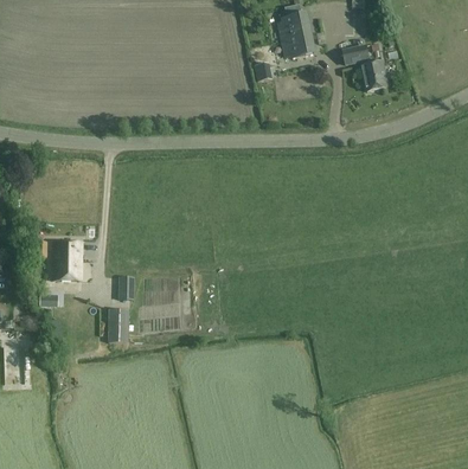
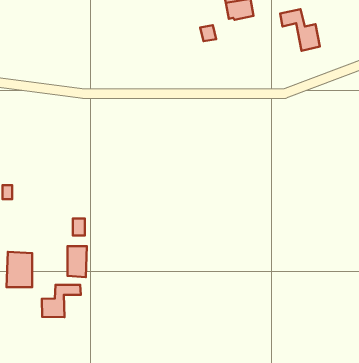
building: [51,242,79,281] -> [7,252,32,287]
building: none -> [42,285,81,317]

